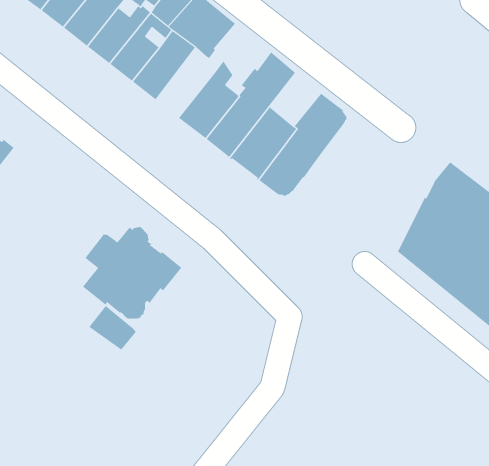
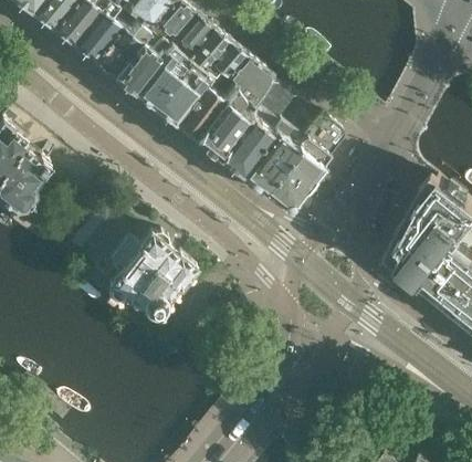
building: none -> [225,56,269,111]
building: none -> [174,77,223,139]
building: [88,305,136,350] -> none

